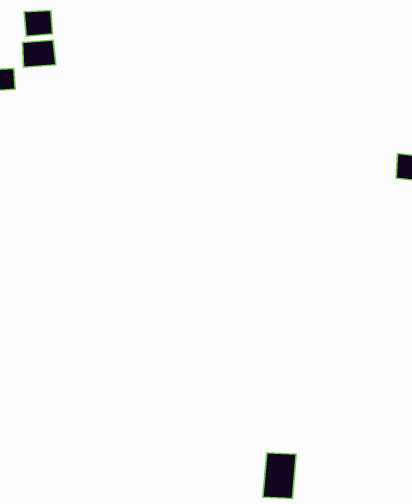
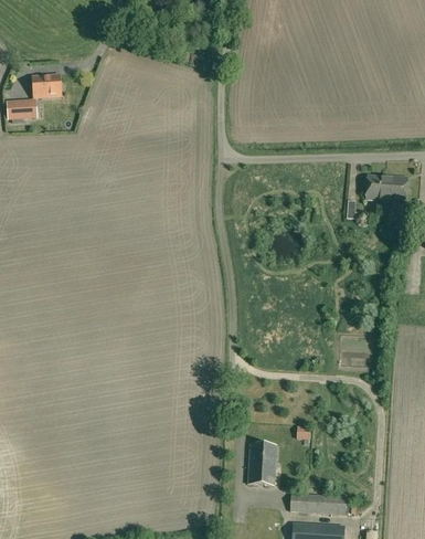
building: [24,10,53,36] -> none

